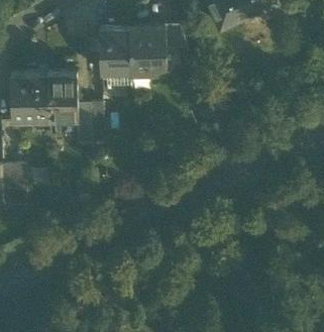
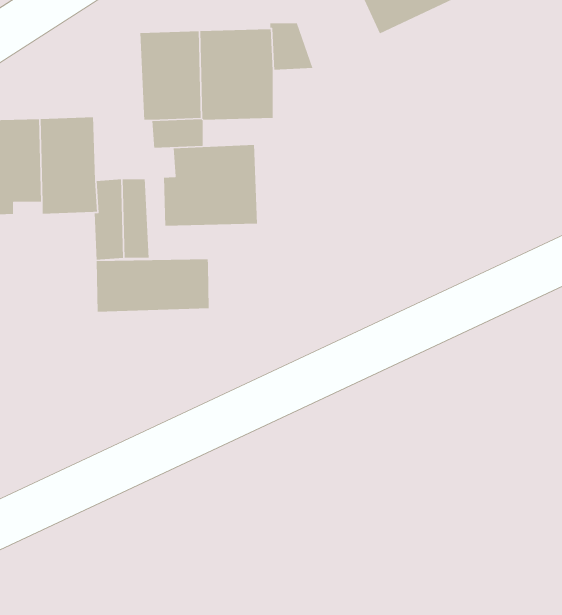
building: none -> [163,144,258,226]
building: none -> [96,259,210,313]

